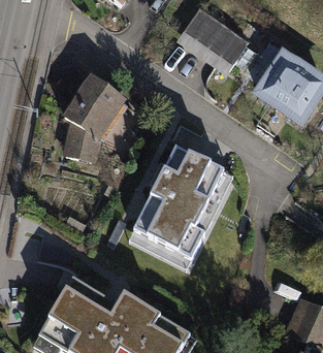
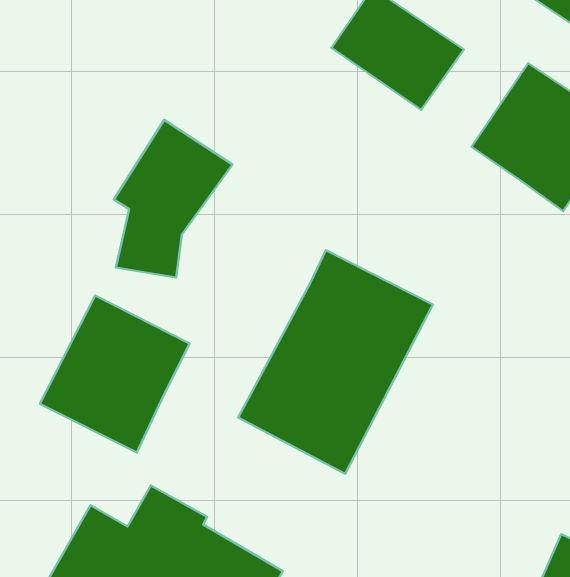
building: none -> [40,296,190,453]

